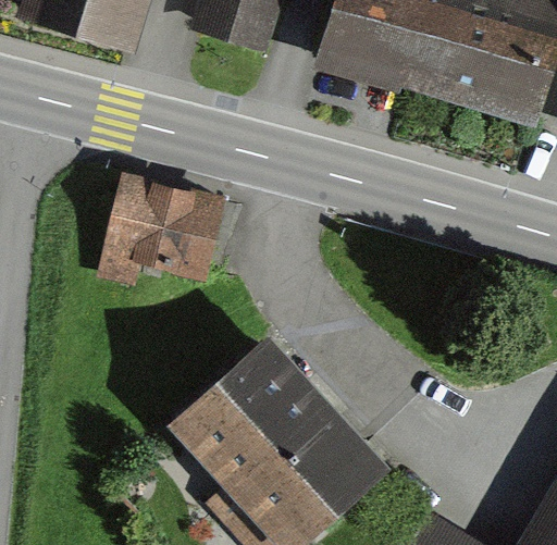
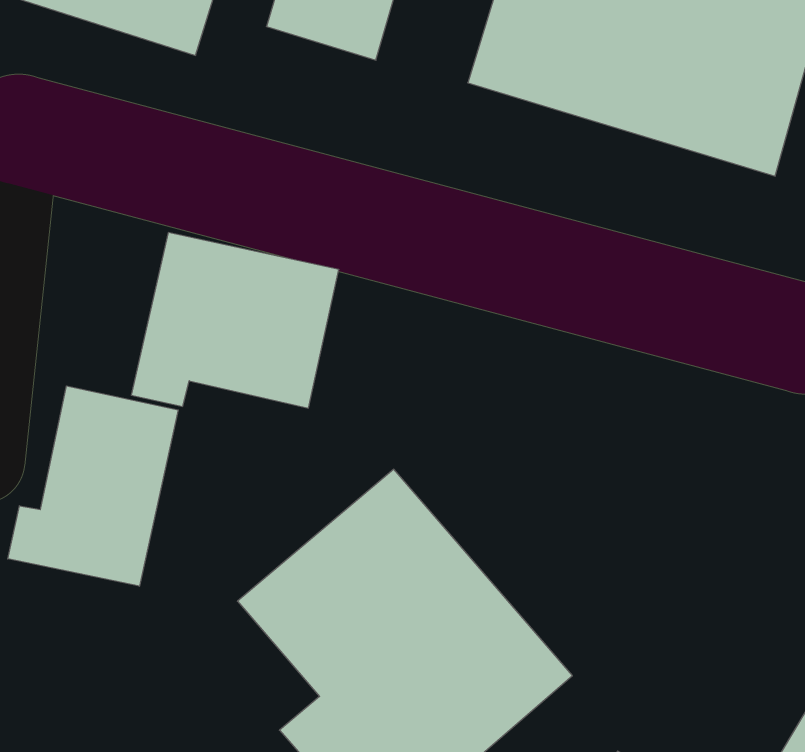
building: none -> [8,386,178,586]

